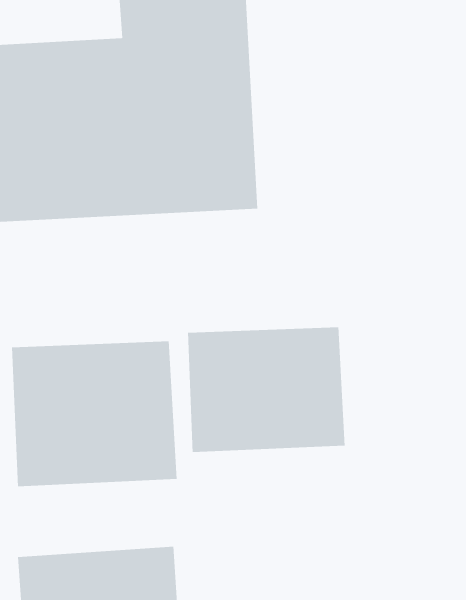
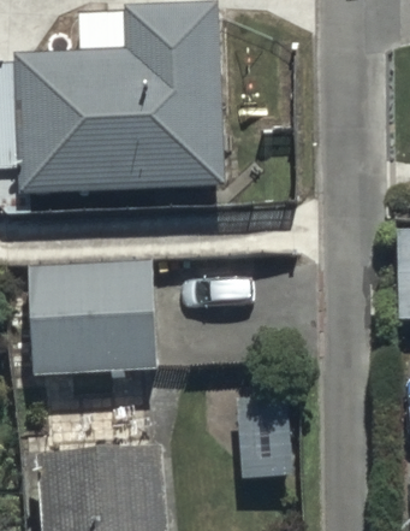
building: [188,327,345,453] -> none

